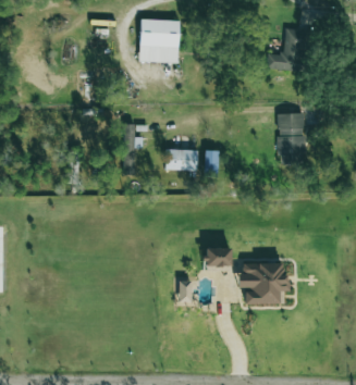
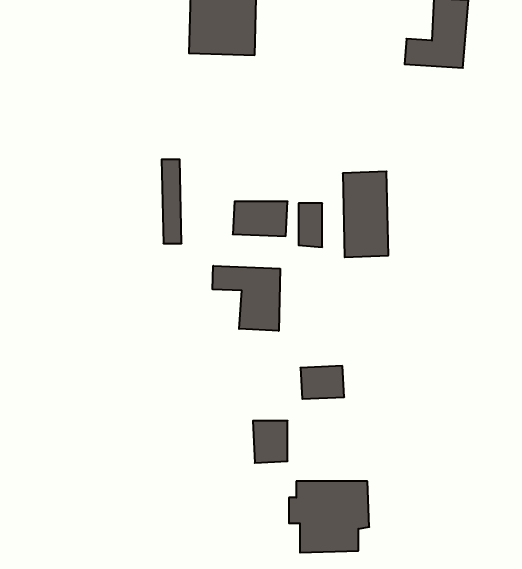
building: [279,112,306,163] -> [343,171,388,257]
building: none -> [213,266,280,331]
building: [238,262,286,305] -> [289,481,369,553]

